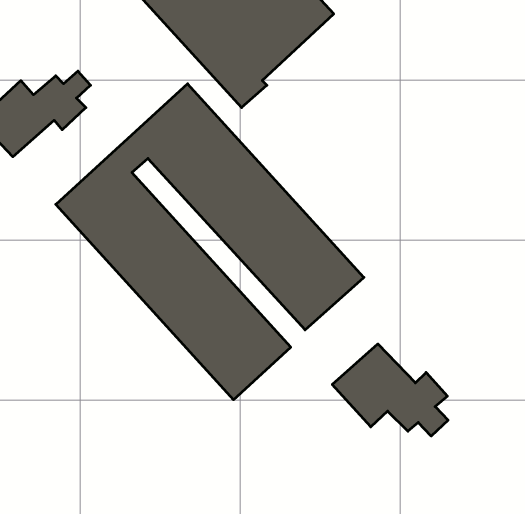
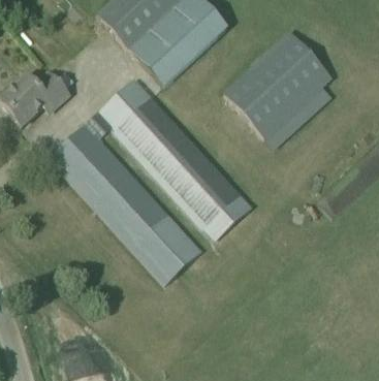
building: none -> [220,30,331,139]
building: [332,344,448,436] -> none

